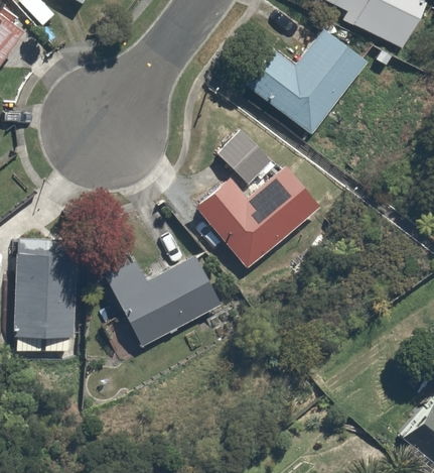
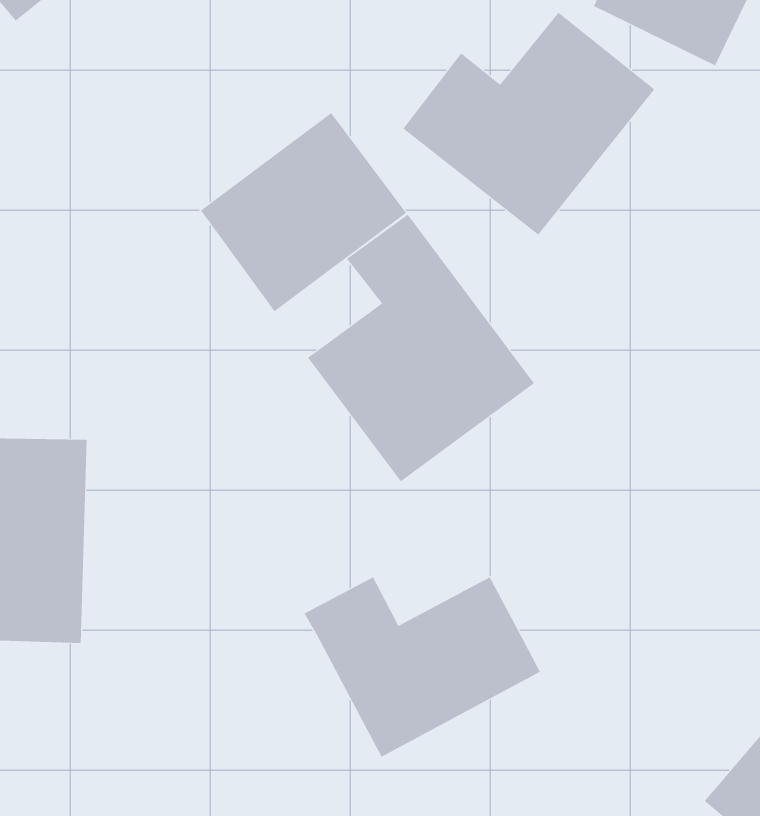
building: none -> [200,112,407,312]
building: [101,251,224,345] -> [303,577,541,757]

